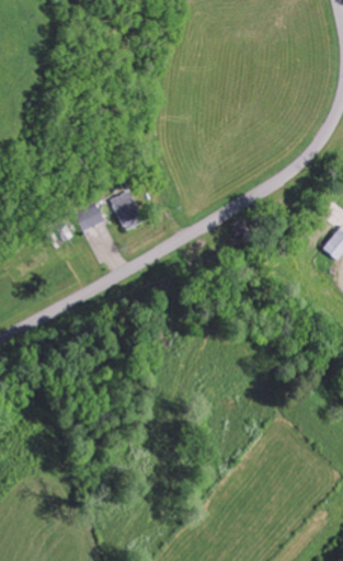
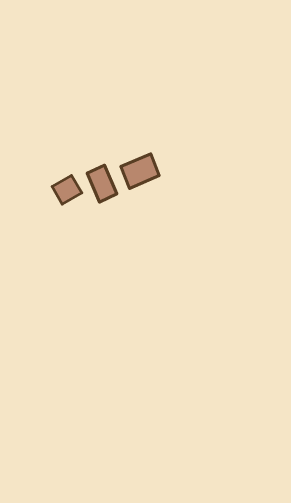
building: none -> [121,154,159,188]

